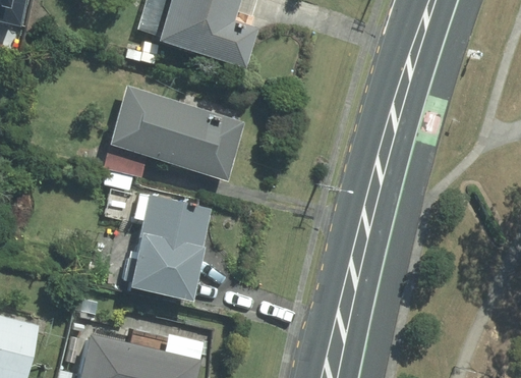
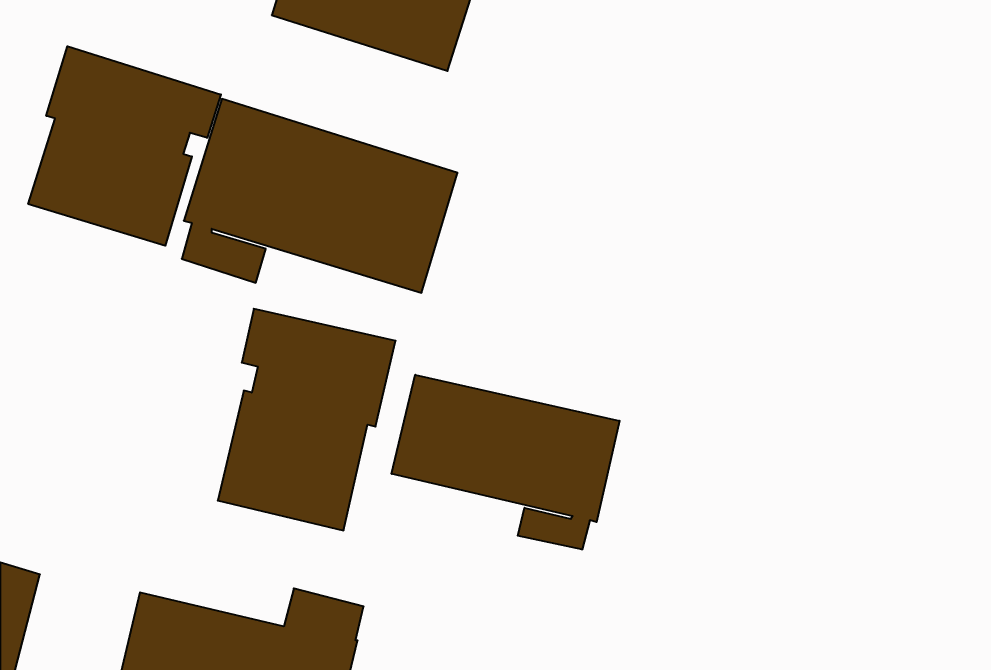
building: none -> [28,46,221,246]
building: none -> [392,375,620,550]

